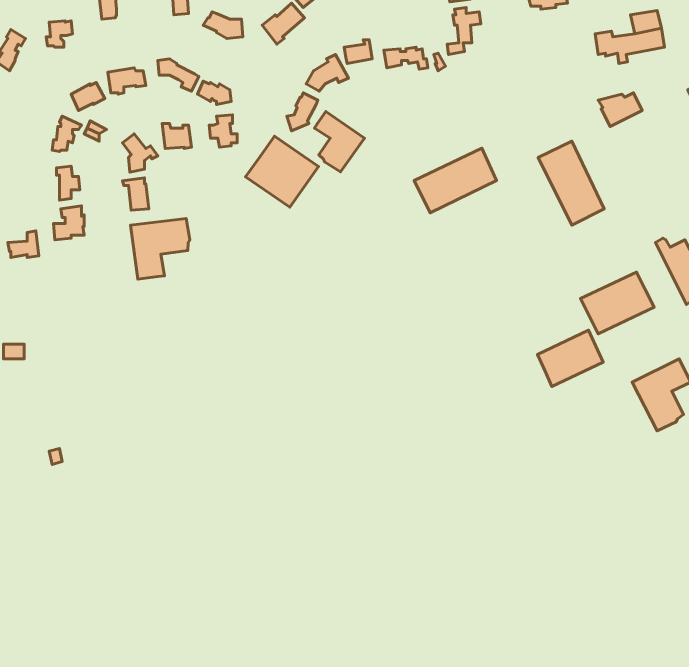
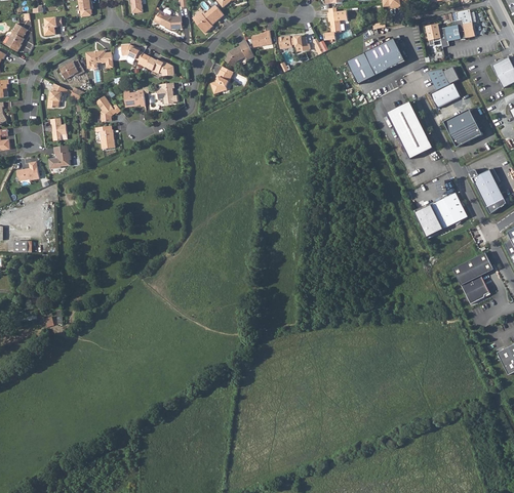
building: [314,112,364,172] -> none
building: none -> [430,82,461,108]
building: [246,136,319,207] -> none
building: [414,148,496,213] -> [348,38,405,83]
building: none -> [444,108,482,147]
building: [131,218,190,279] -> none
building: [538,330,603,387] -> none

